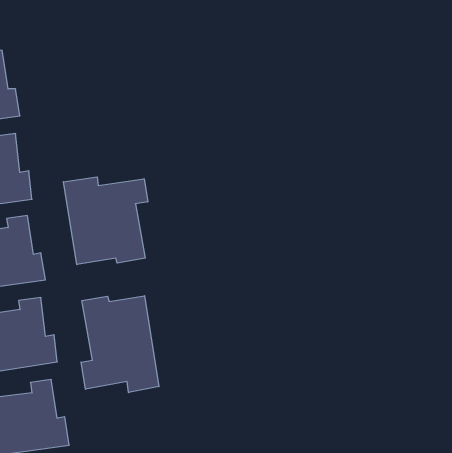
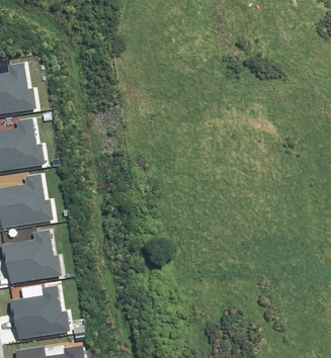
building: [63,177,148,265] -> none
building: [81,296,159,393] -> none

